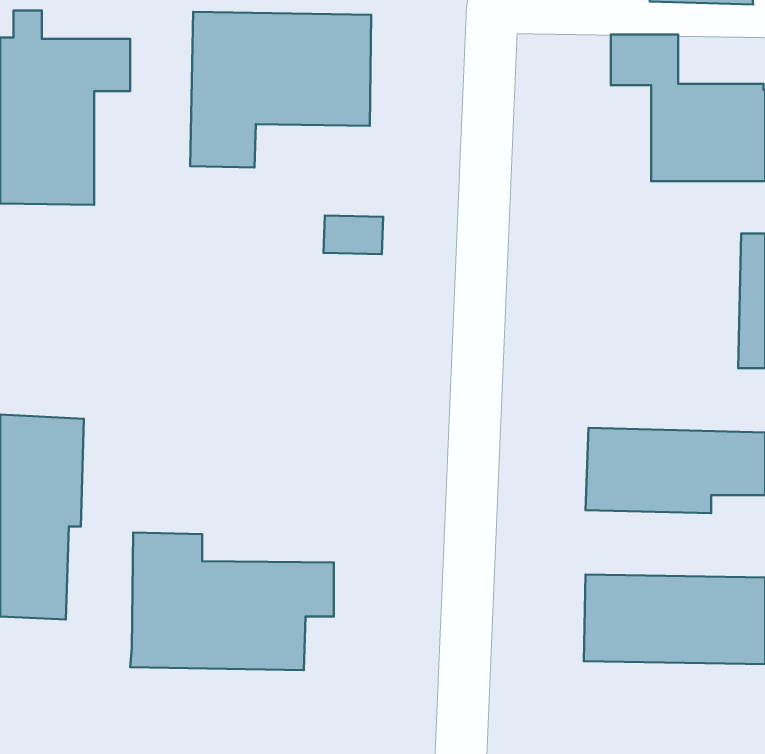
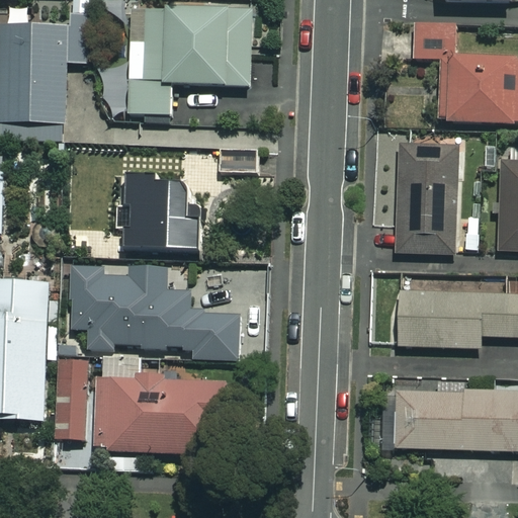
building: none -> [397,142,458,253]
building: none -> [120,174,197,251]
building: none -> [72,266,238,359]
building: none -> [56,359,90,438]

